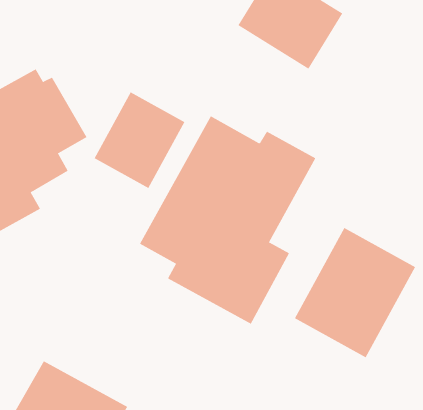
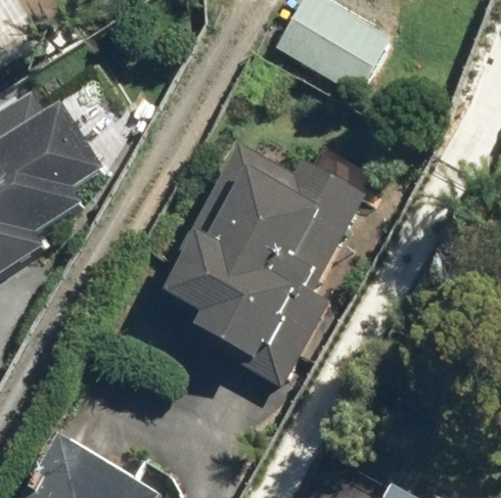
building: [94,91,185,189] -> none
building: [294,227,416,358] -> none

